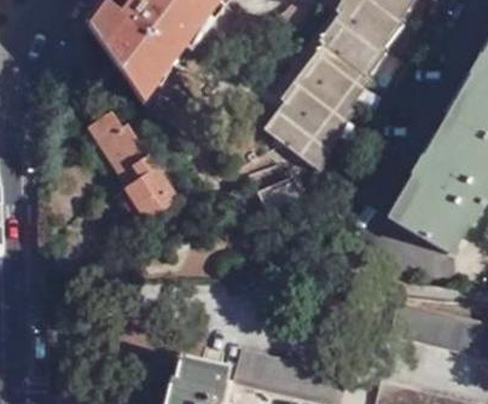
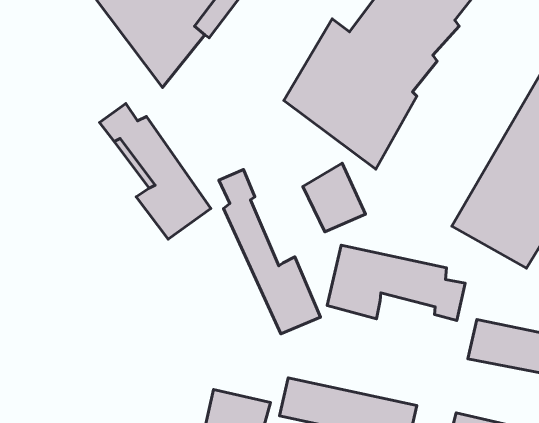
building: none -> [219,170,321,334]
building: none -> [327,245,465,321]

